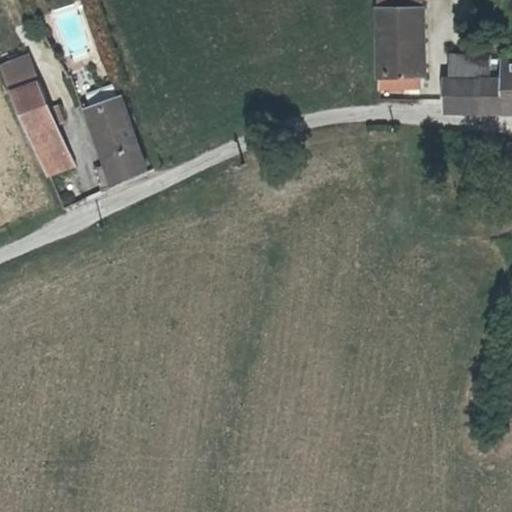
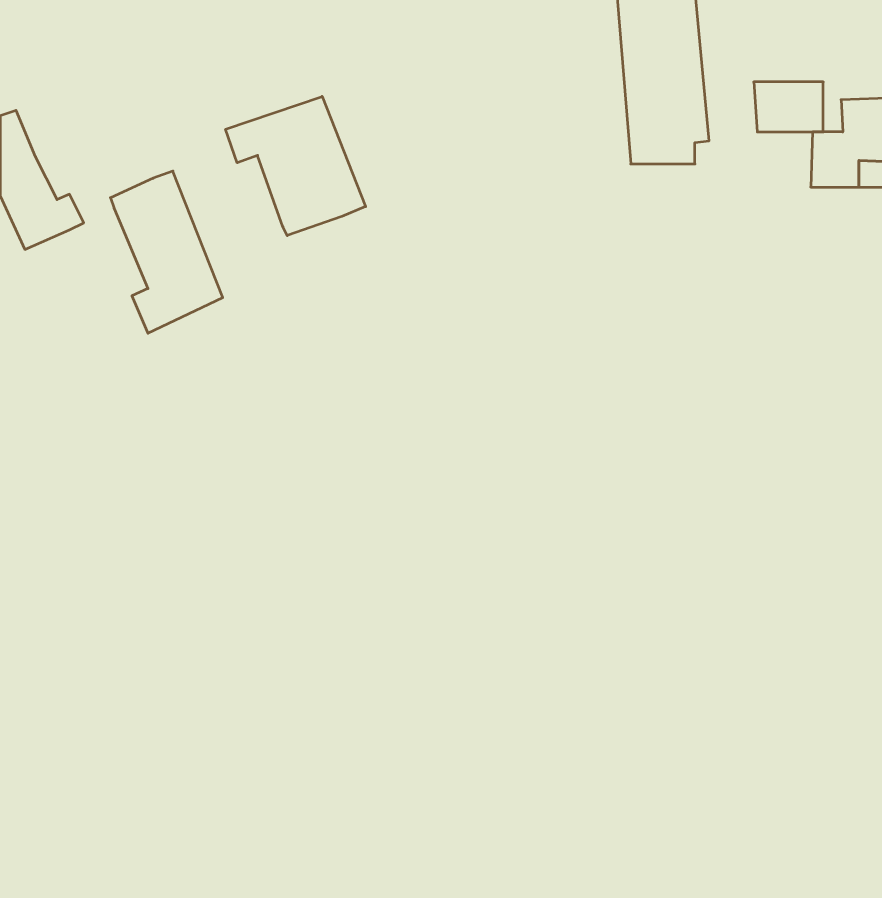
building: none -> [226,96,366,236]
building: [431,74,472,105] -> none
building: [30,129,73,180] -> none

